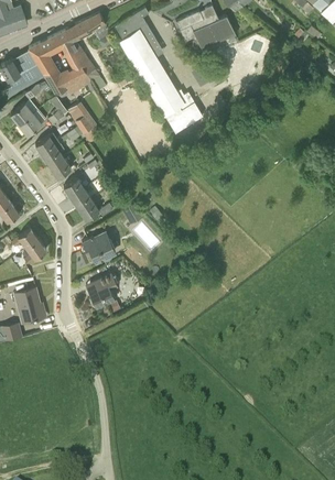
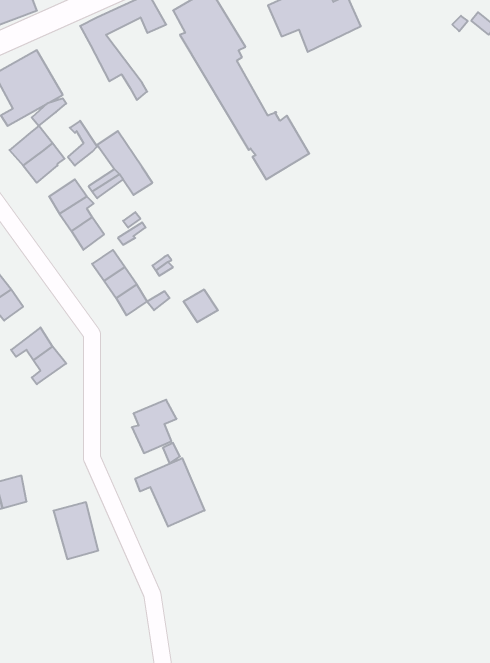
building: [29,34,91,92] -> none
building: [82,232,115,262] -> none
building: [14,286,43,323] -> [53,502,98,559]
building: none -> [135,458,205,527]

